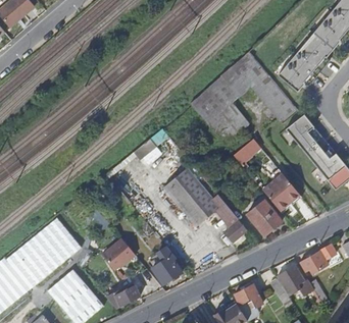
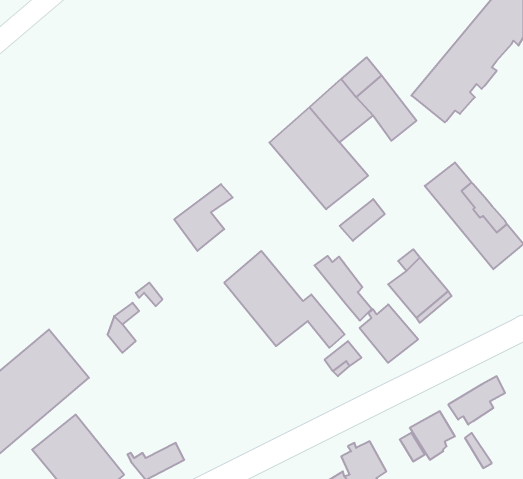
building: none -> [314,256,372,321]
building: [101,237,135,269] -> none
building: [152,247,181,283] -> none

